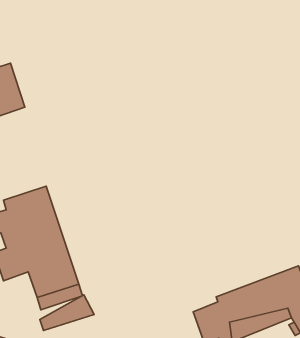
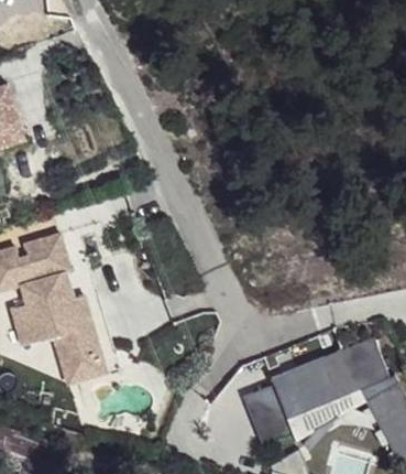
building: [40,295,94,331] -> none

